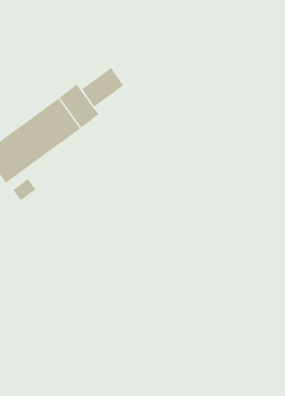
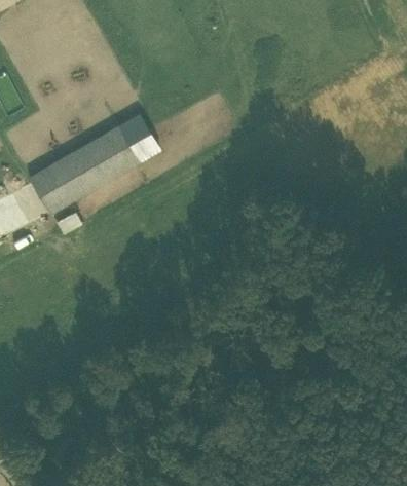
building: [82,67,124,107] -> none

